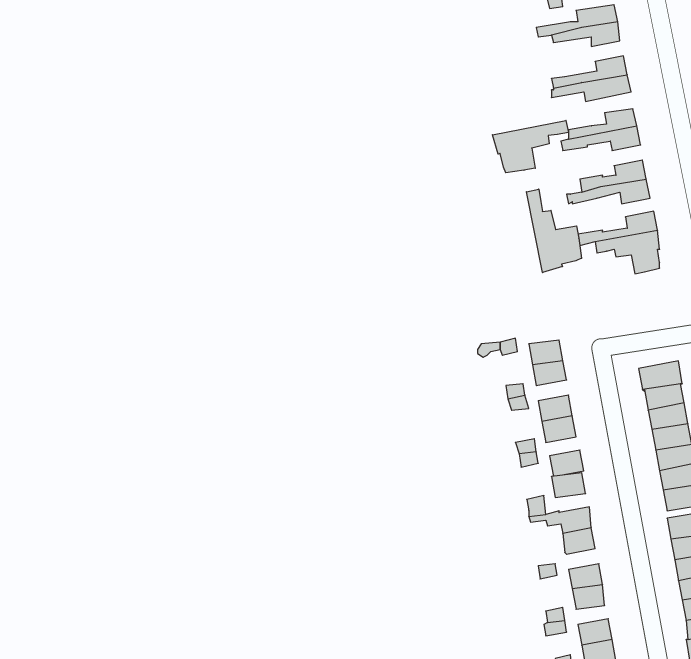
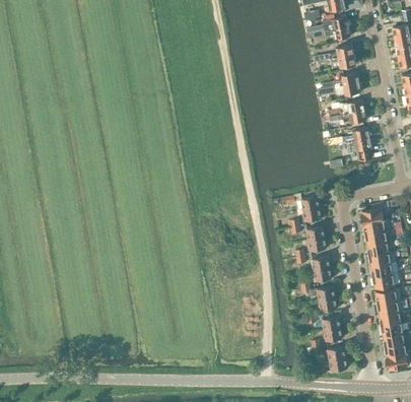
building: [492,120,569,173] -> none
building: [526,189,582,273] -> none

